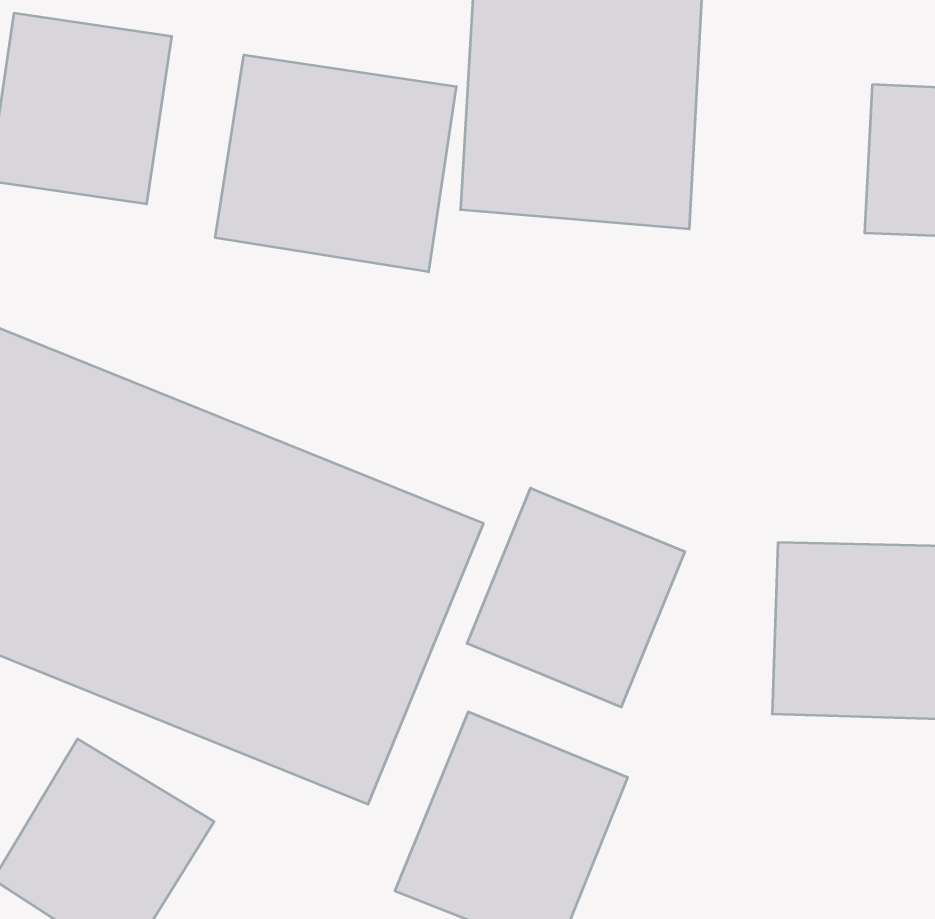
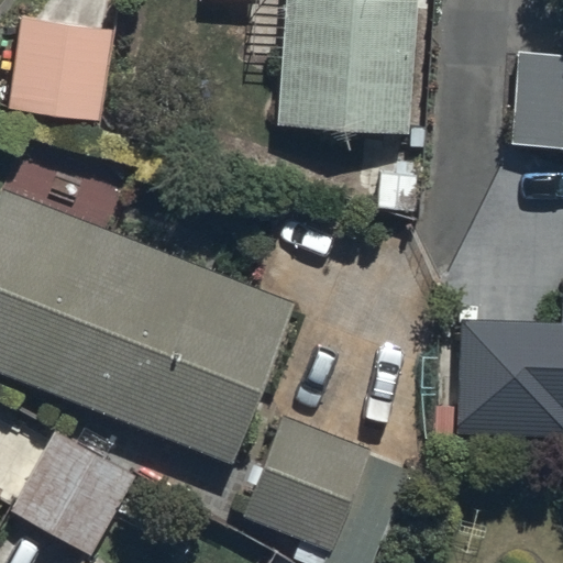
building: [215,55,456,272] -> none
building: [467,488,685,707] -> none

